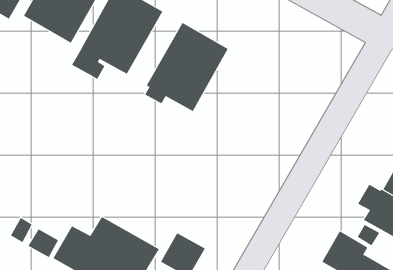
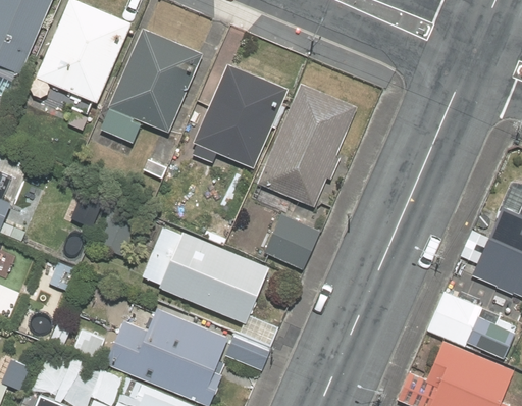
building: none -> [257,82,358,208]
building: none -> [263,212,323,273]
building: none -> [142,229,266,322]

